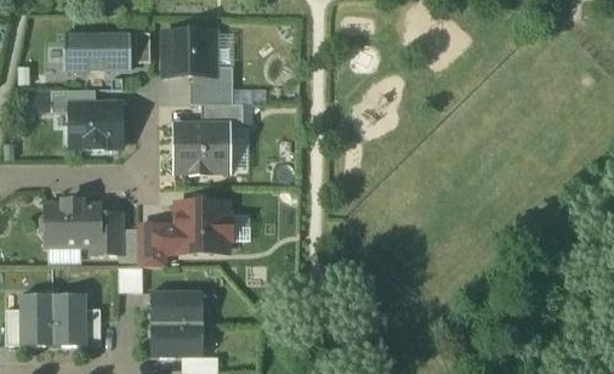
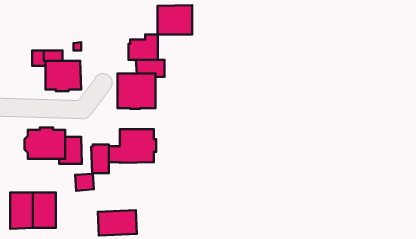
building: [166,32,216,74] -> [158,5,192,35]
building: [64,33,135,73] -> none
building: [147,289,203,322] -> none

